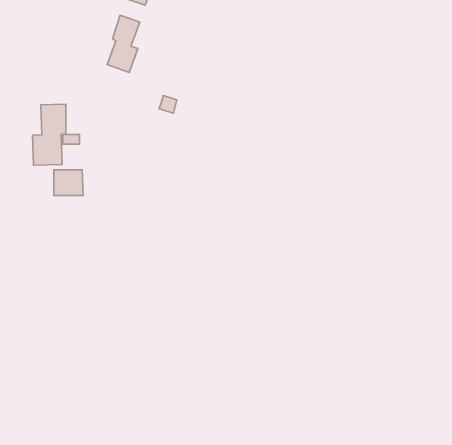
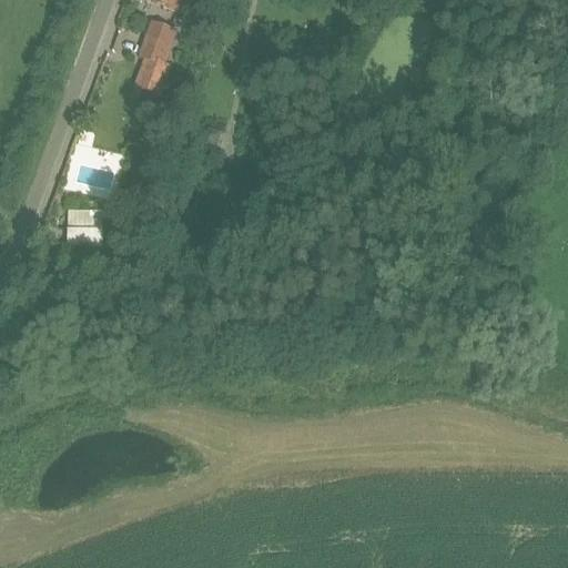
building: [33,104,66,165] -> none

